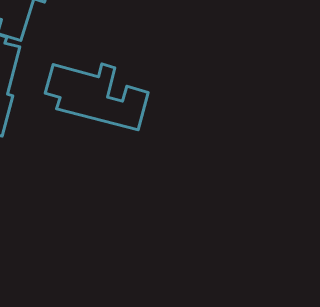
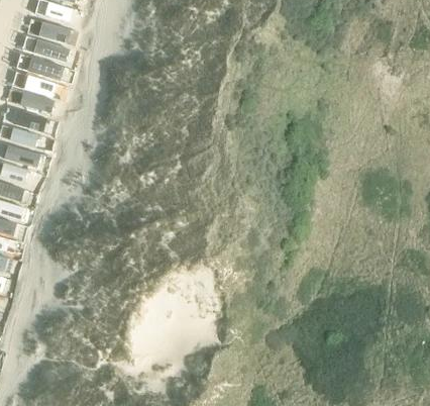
building: [45,64,148,130] -> none

